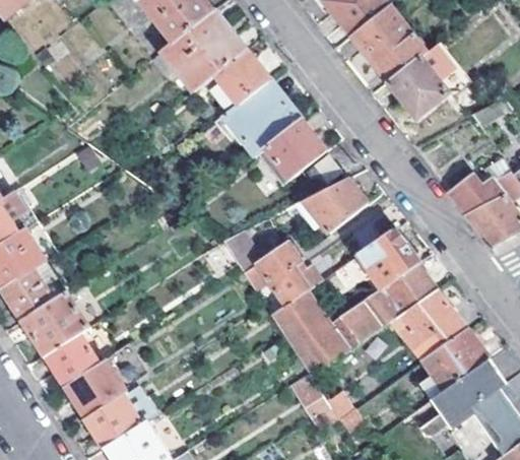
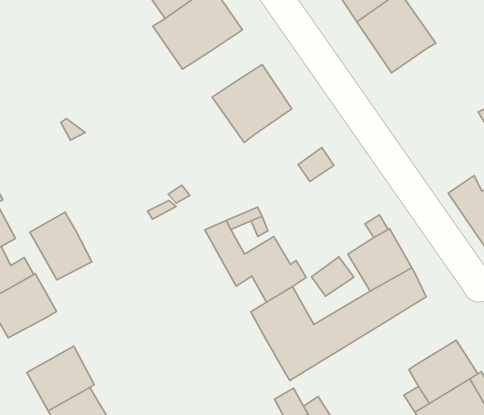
building: [215,51,268,104] -> none
building: [388,57,450,118] -> none
building: [263,120,323,180] -> none
building: [303,178,367,233] -> none
building: none -> [30,212,92,280]
building: [399,290,464,354] -> none
building: [45,332,99,385] -> none

